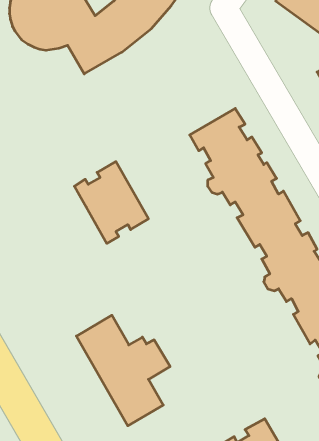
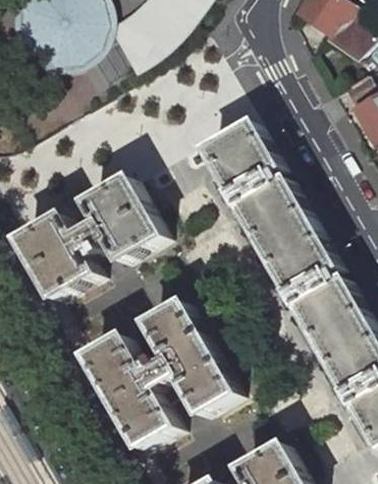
building: none -> [23,214,110,302]
building: none -> [149,304,238,417]

